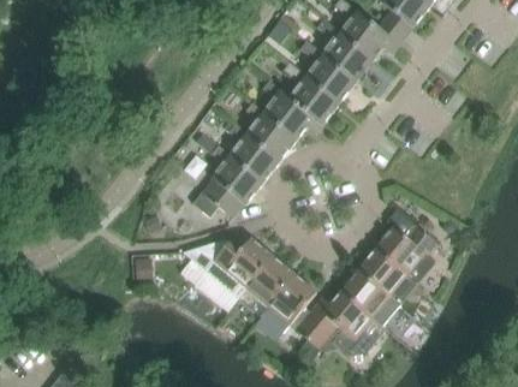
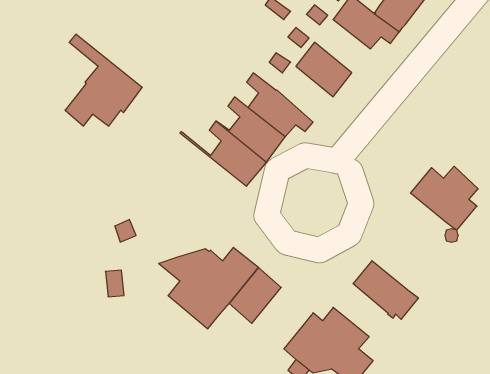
building: [323,31,374,79] -> none
building: [290,73,340,124] -> none
building: [192,133,262,216] -> [65,34,142,126]
building: [375,225,436,282] -> [410,166,478,230]
building: [340,269,401,325] -> none
building: [260,273,316,333] -> none

